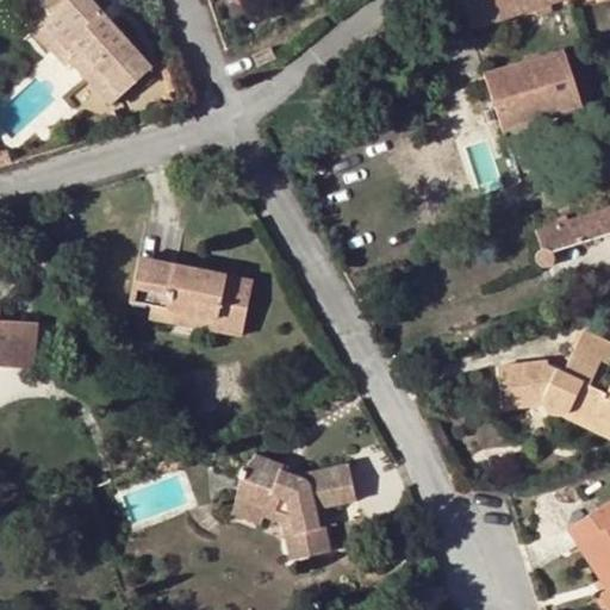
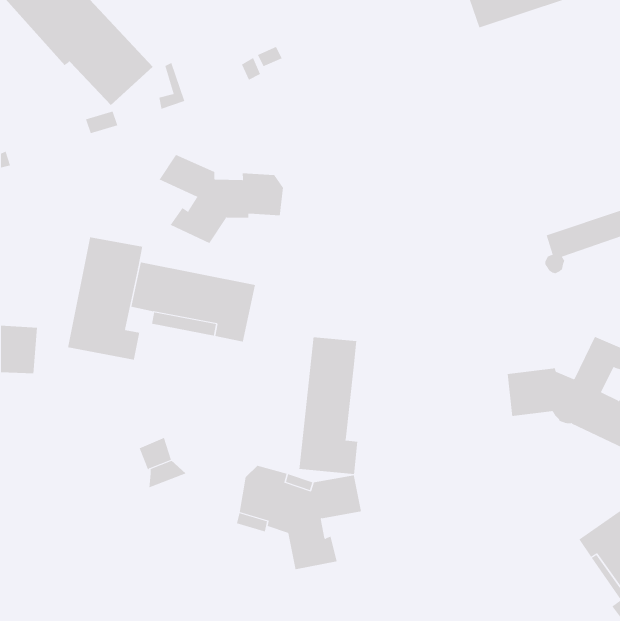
building: [486,50,581,129] -> none
building: none -> [159,154,283,244]
building: none -> [67,236,143,360]
building: none -> [299,337,358,475]

